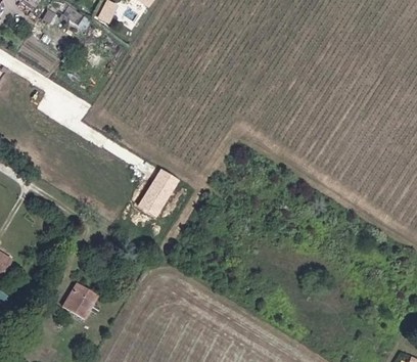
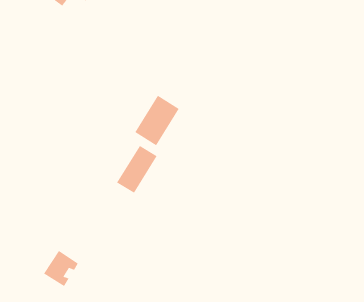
building: none -> [134,95,180,146]

